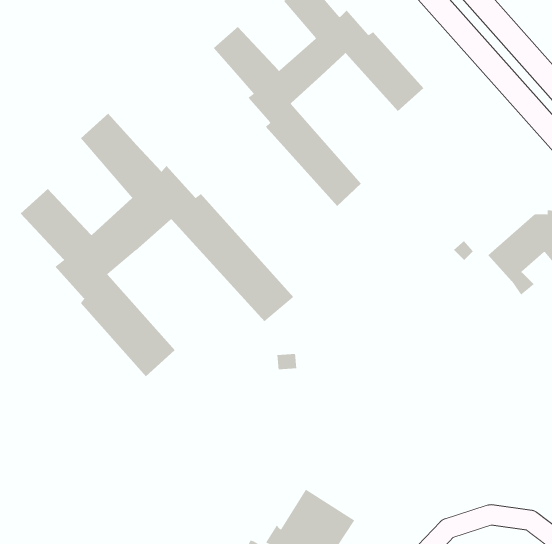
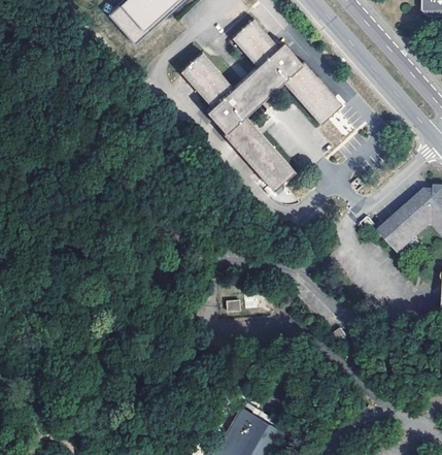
building: [20,113,294,377] -> none

